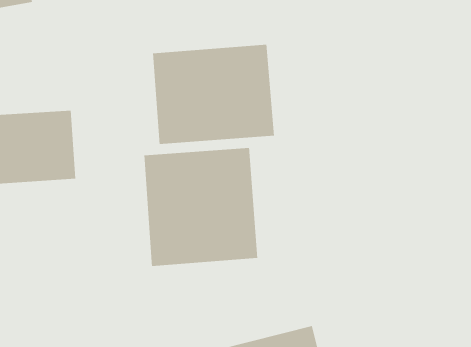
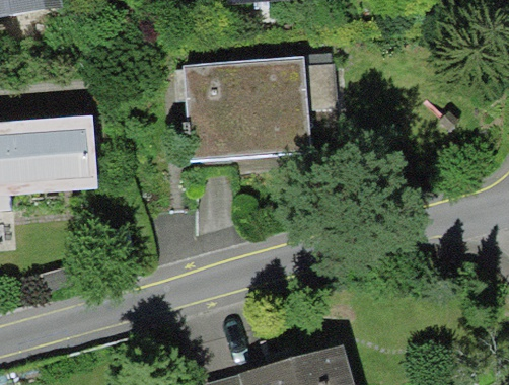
building: [144,147,258,267] -> none

